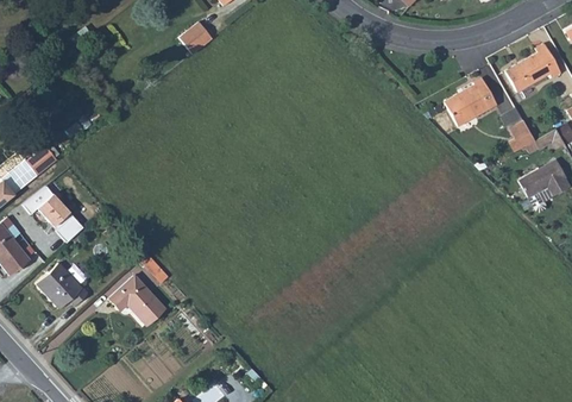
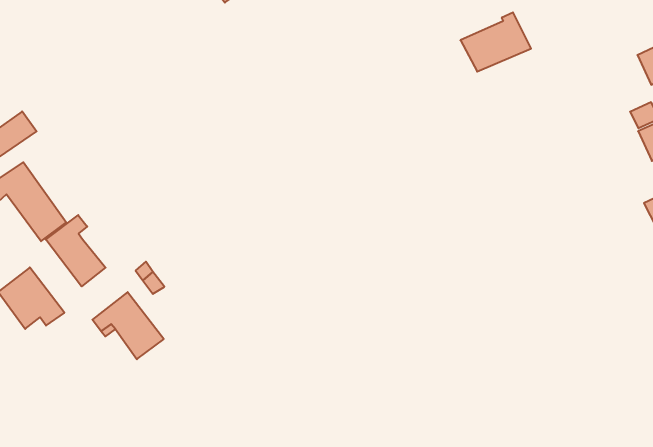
building: [442,78,496,125] -> [460,12,531,72]
building: none -> [46,215,106,286]

